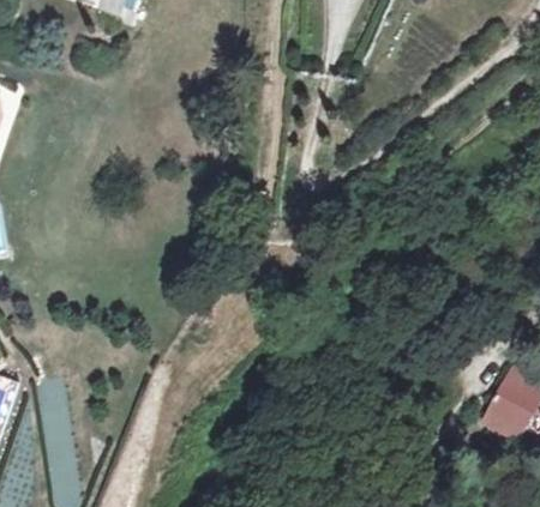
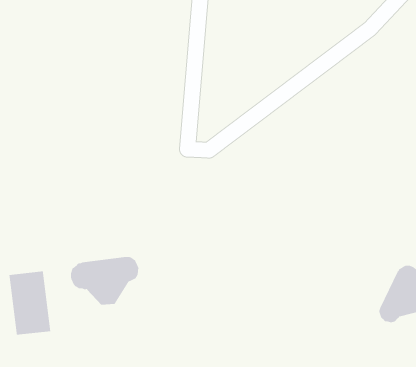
building: none -> [70,256,140,305]

